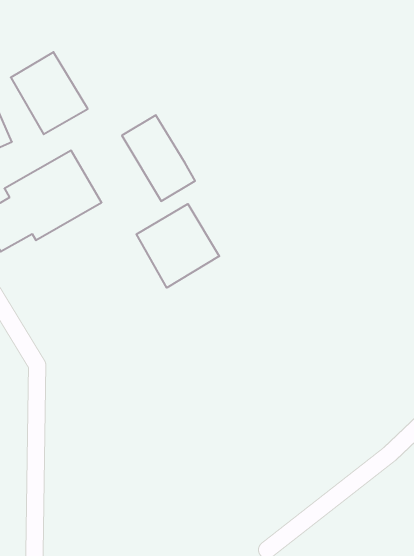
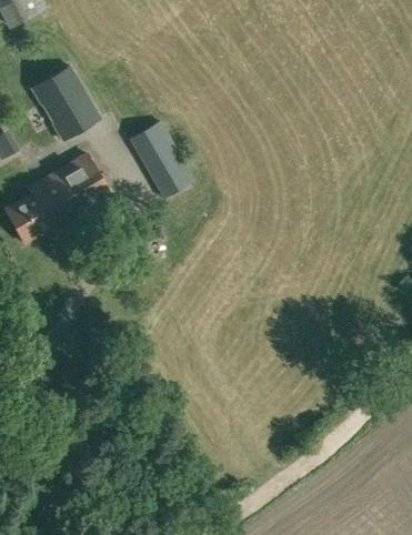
building: [136,204,219,288] -> none

